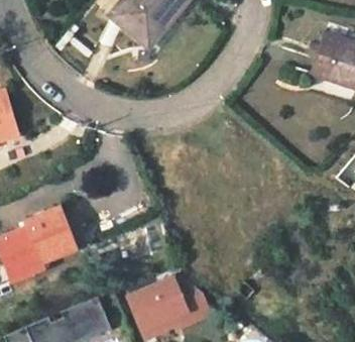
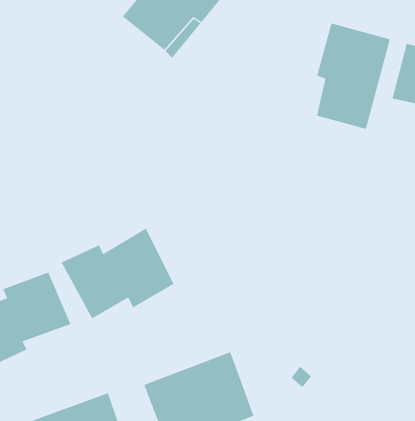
building: none -> [316,23,391,130]
building: none -> [61,228,175,320]

